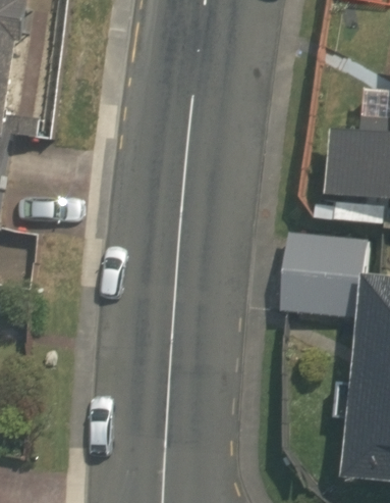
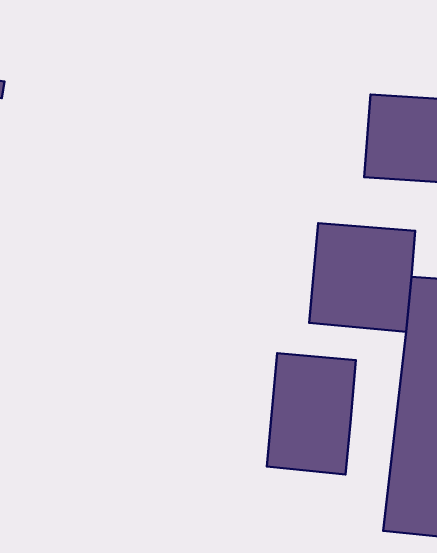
building: none -> [267,353,356,475]

